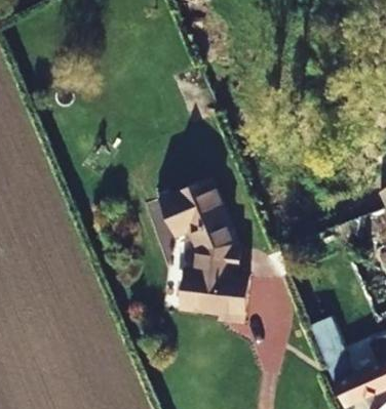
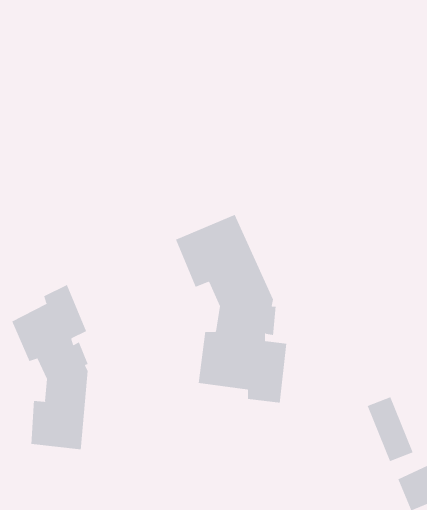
building: none -> [11,284,89,450]

